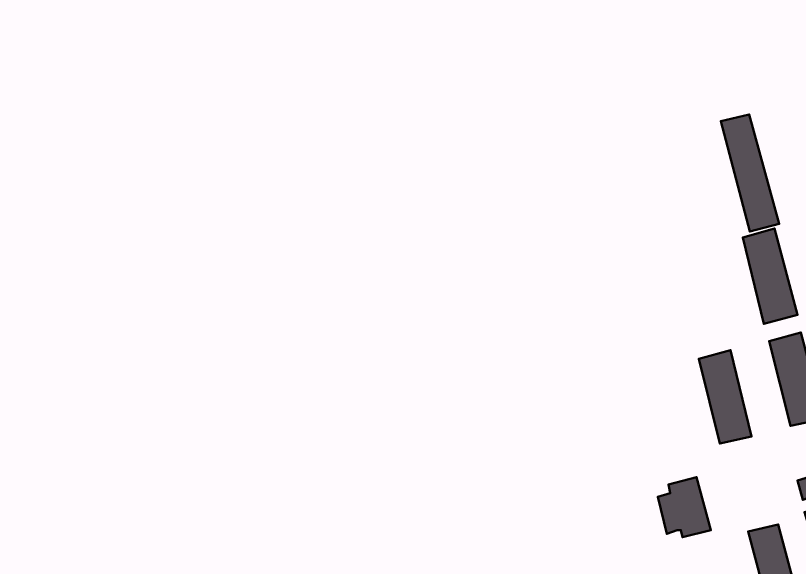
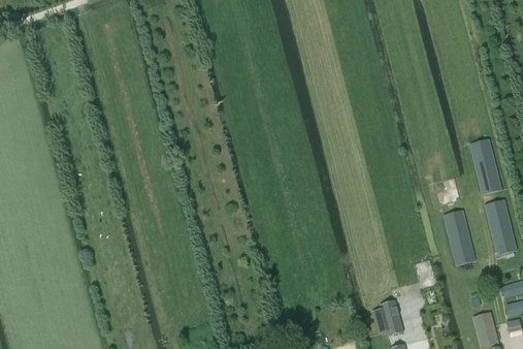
building: [721,114,779,232] -> none
building: [658,477,711,537] -> [372,300,403,336]

